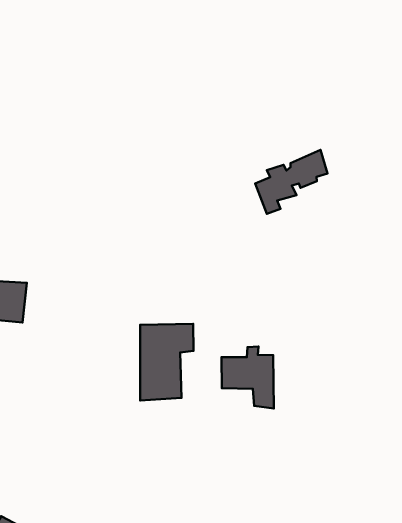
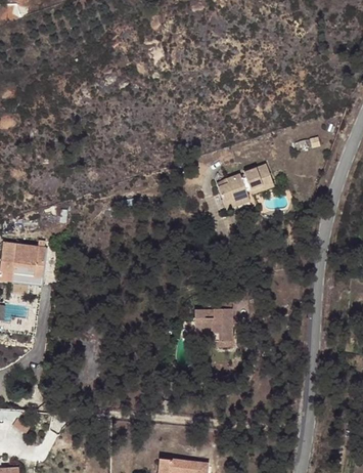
building: [140,324,193,400] -> none

